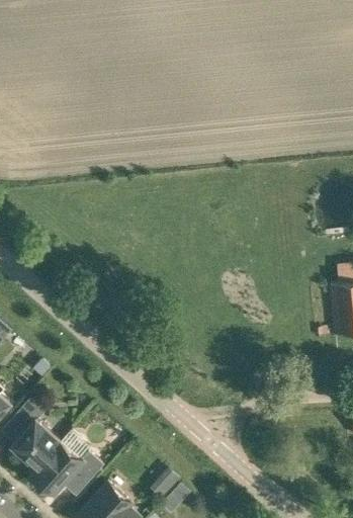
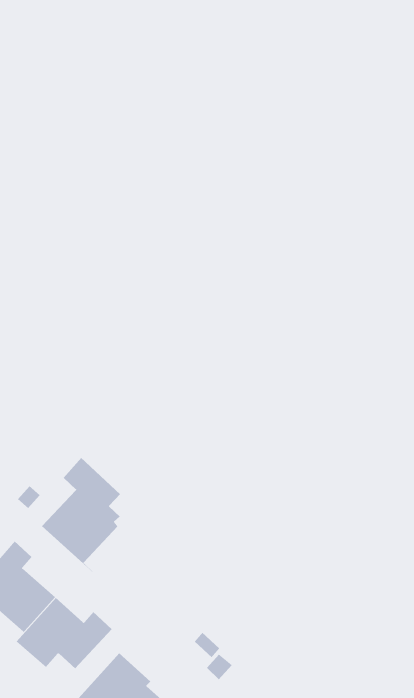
building: none -> [41,457,121,573]

